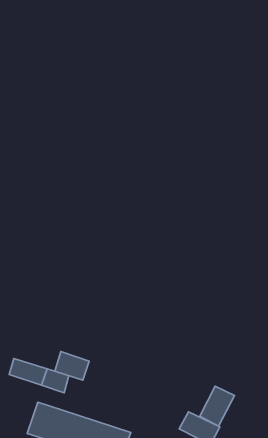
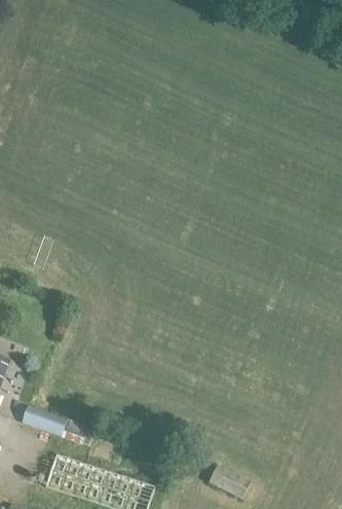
building: [55,352,89,380] -> none
building: [200,386,234,426] -> none

